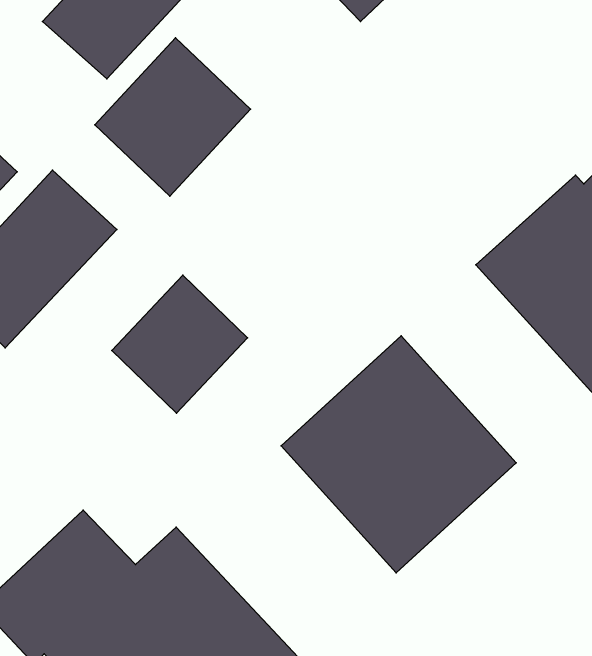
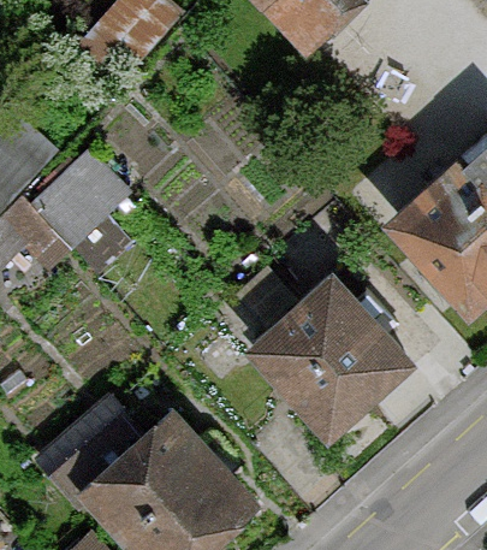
building: [95,38,251,196] -> none
building: [112,275,247,413] -> none

